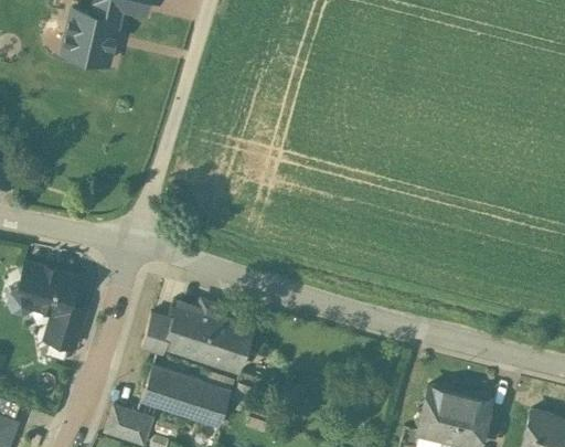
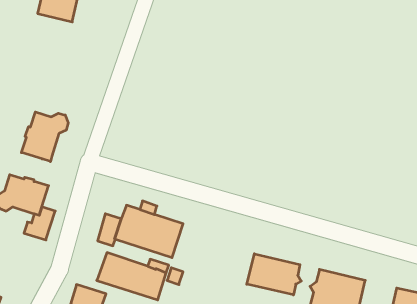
building: none -> [21,112,68,162]
building: none -> [247,254,301,295]

